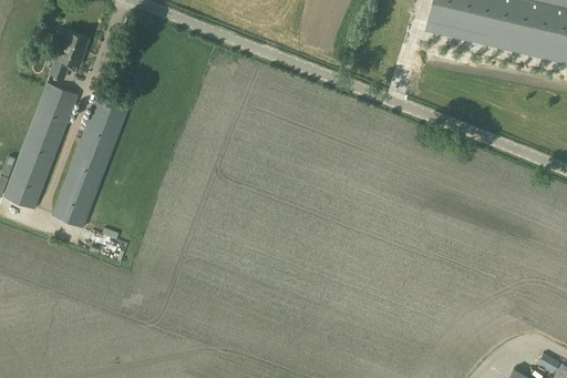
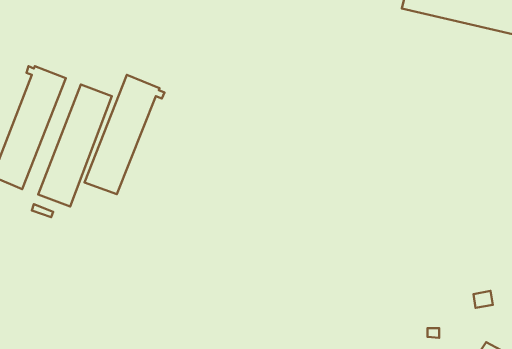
building: [49,29,89,80] -> none
building: none -> [84,75,164,194]

